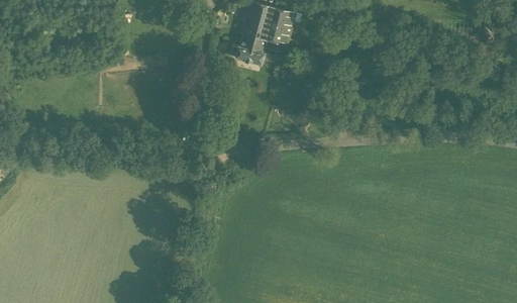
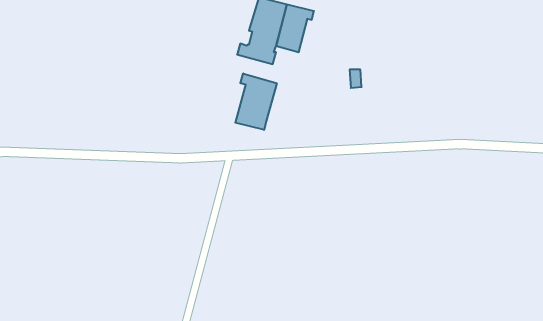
building: none -> [235,73,277,130]

